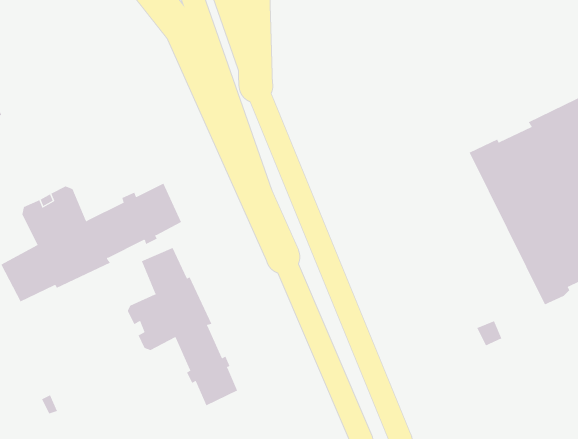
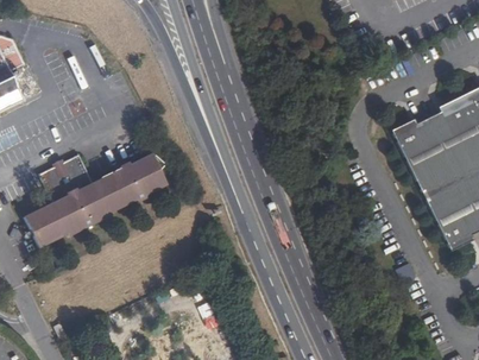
building: [127,247,238,406] -> none

